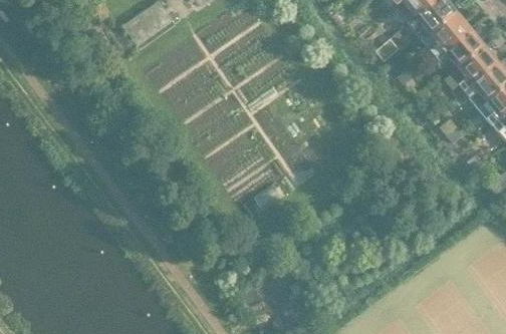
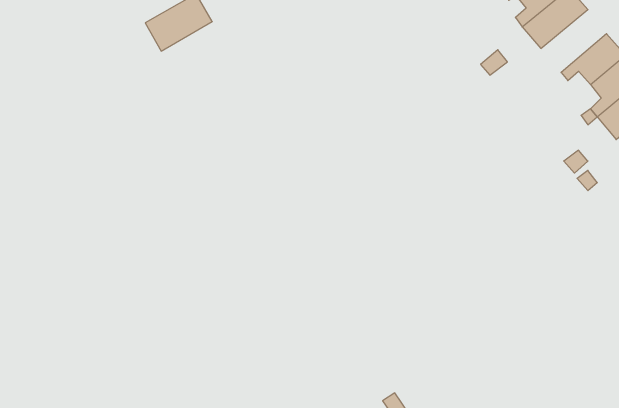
building: [421,10,470,57] -> none

